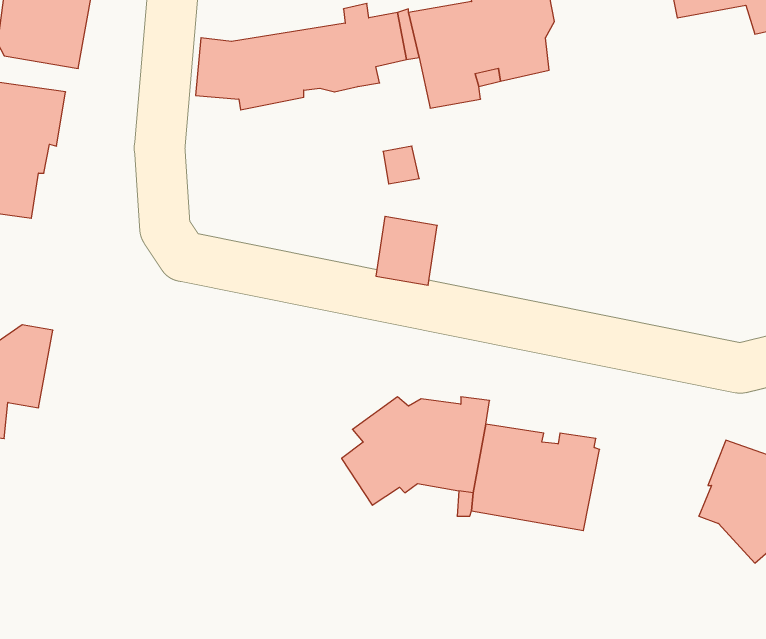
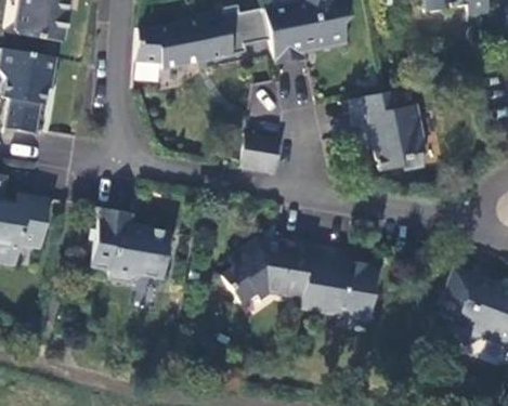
building: none -> [348,89,425,169]
building: none -> [92,205,172,286]

